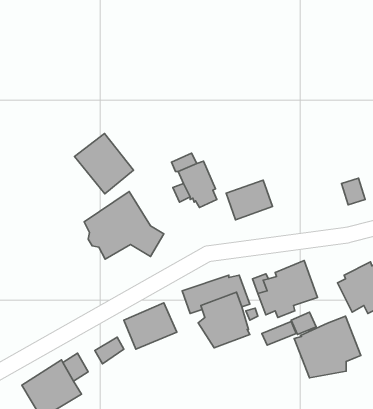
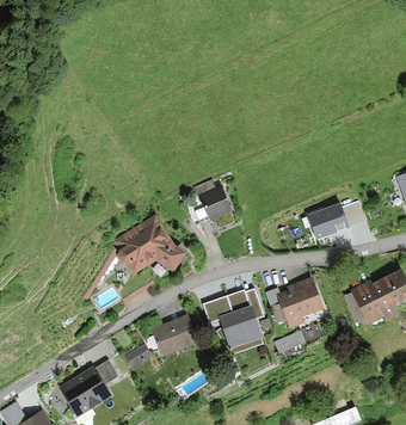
building: [75,134,133,194] -> none
building: [226,180,273,220] -> [308,203,350,239]
building: [294,316,361,378] -> none

